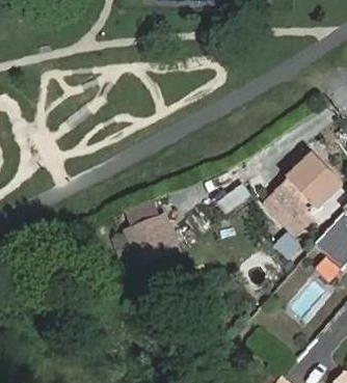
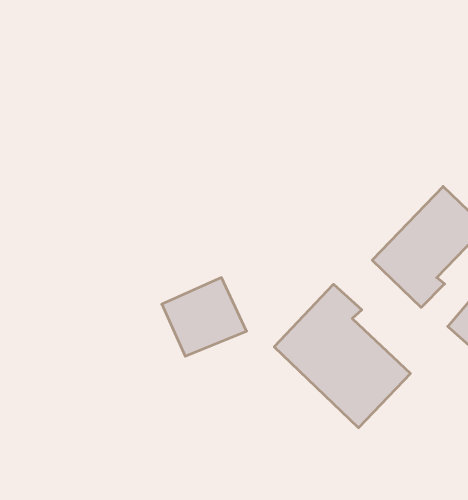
building: none -> [274,284,410,428]

